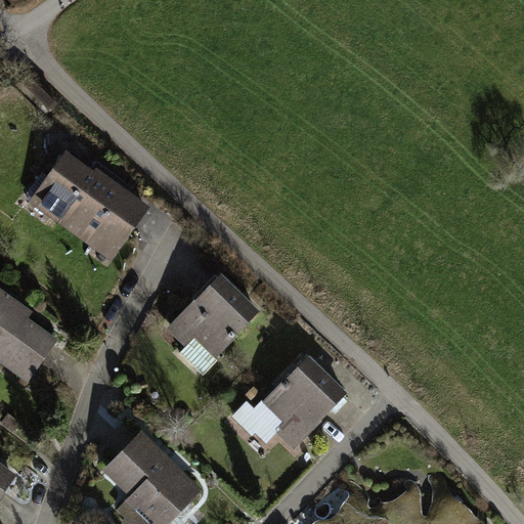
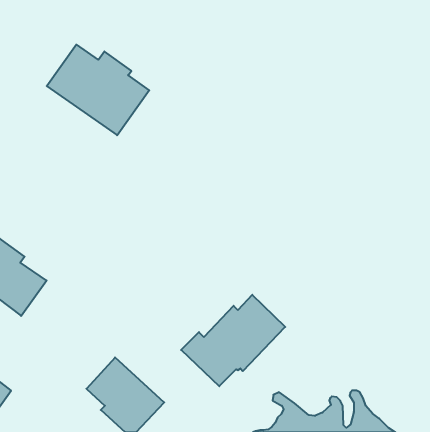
building: [27,150,150,260] -> [47,45,149,135]
building: [168,273,259,365] -> none

